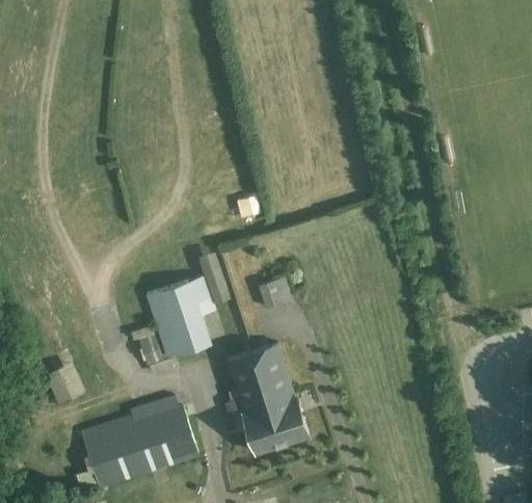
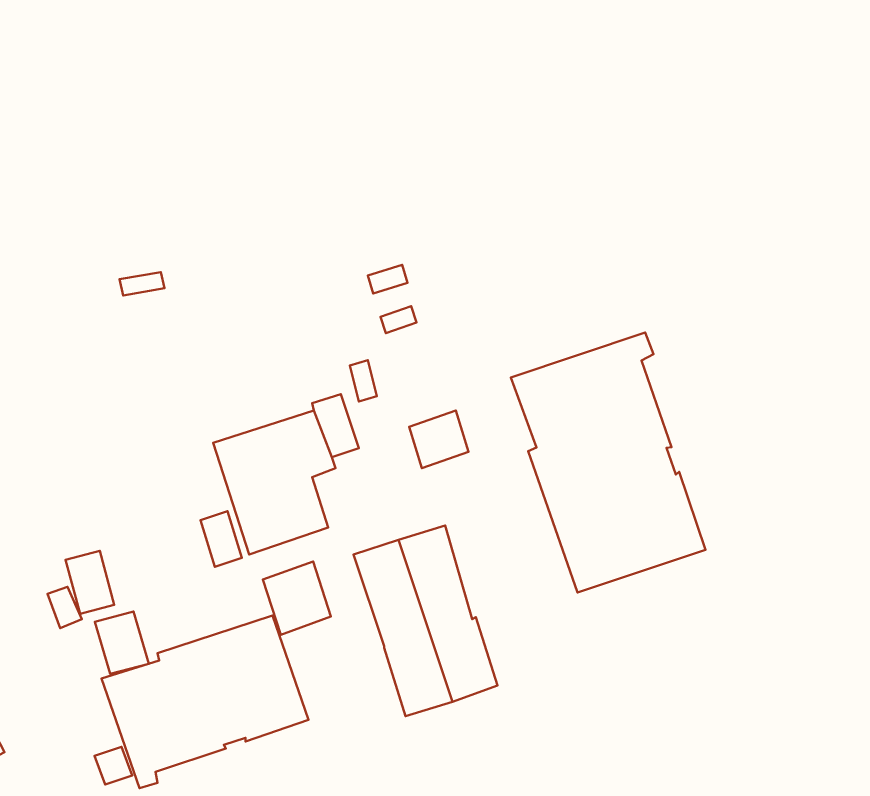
building: none -> [511,333,705,593]
building: none -> [263,561,331,635]
building: none -> [95,611,149,674]

